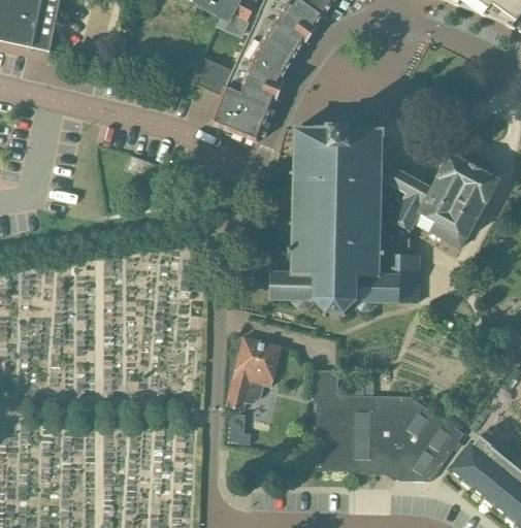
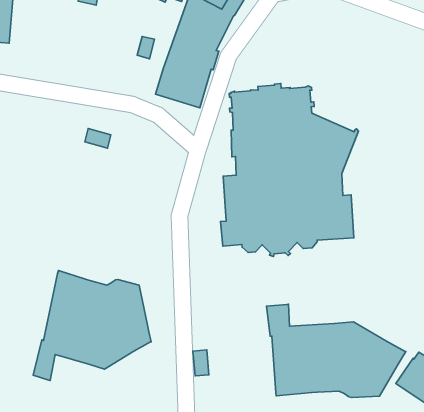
building: [419,153,499,245] -> none
building: none -> [33,270,151,380]
building: [227,336,281,408] -> none

